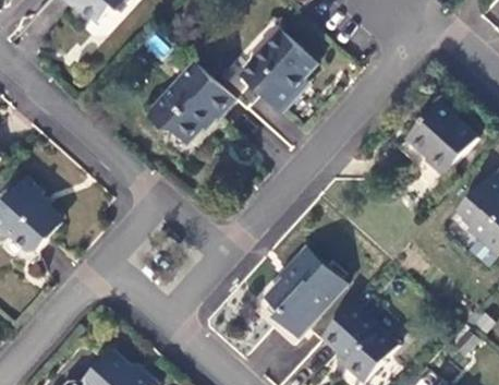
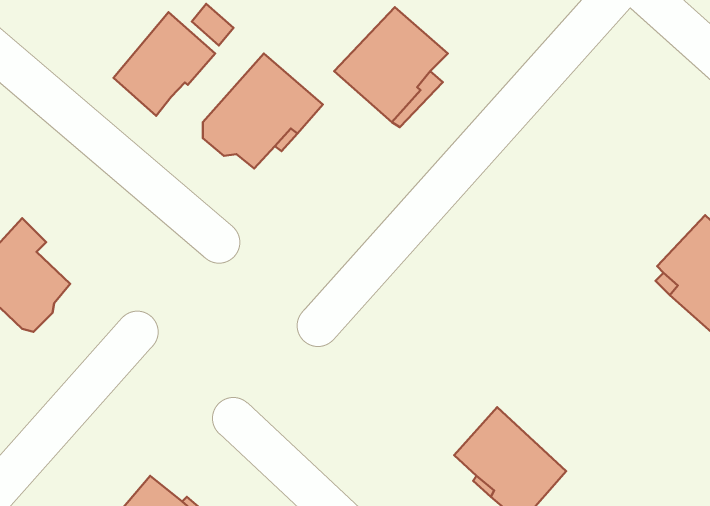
building: none -> [114,12,215,116]
building: [405,106,474,177] -> none
building: [264,248,341,336] -> none

